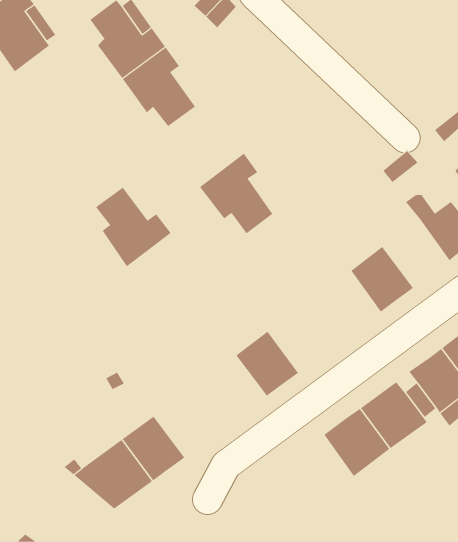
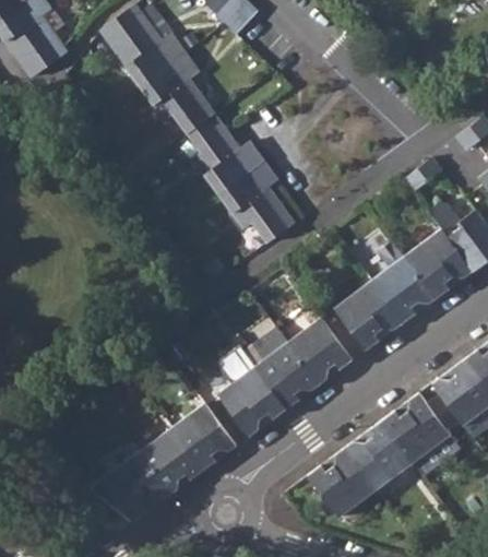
building: [95,187,171,267] -> [187,112,264,194]
building: none -> [405,227,473,297]
building: none -> [334,280,403,349]
building: none -> [288,317,353,383]
building: none -> [218,366,287,435]
building: none -> [172,402,237,470]
building: none -> [308,447,376,515]

